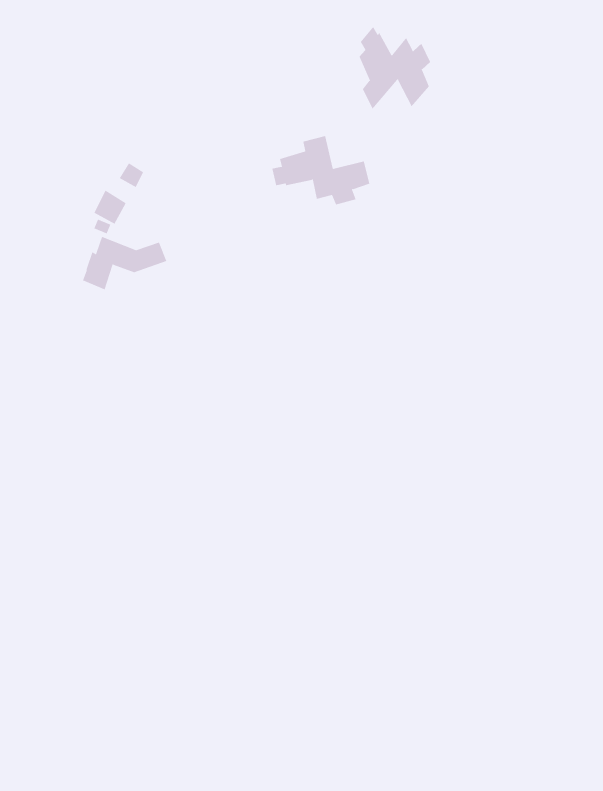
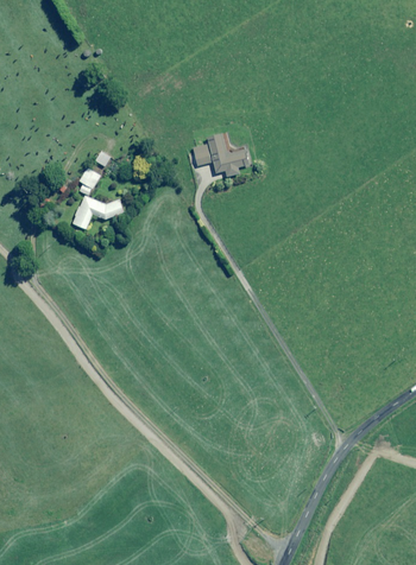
building: [359,26,431,110] -> none

